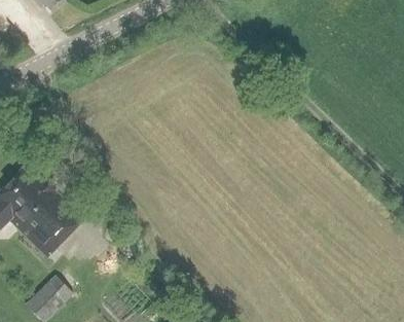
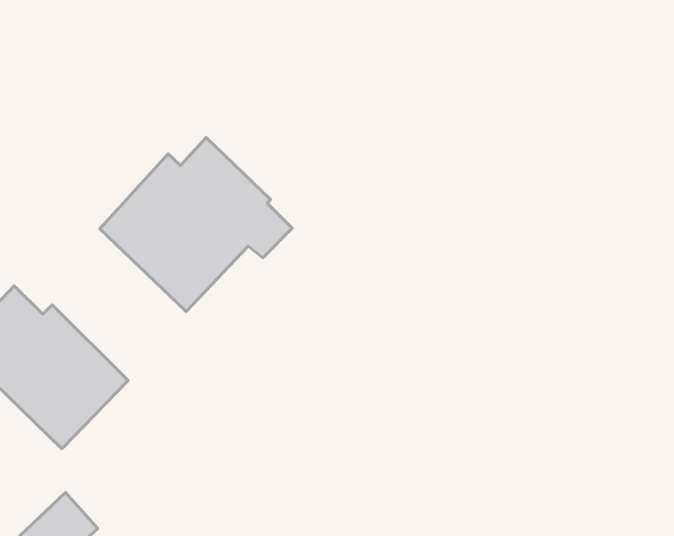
building: none -> [100,137,292,311]

